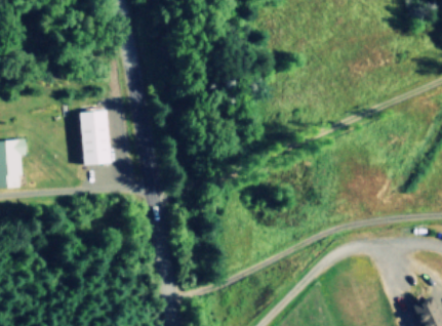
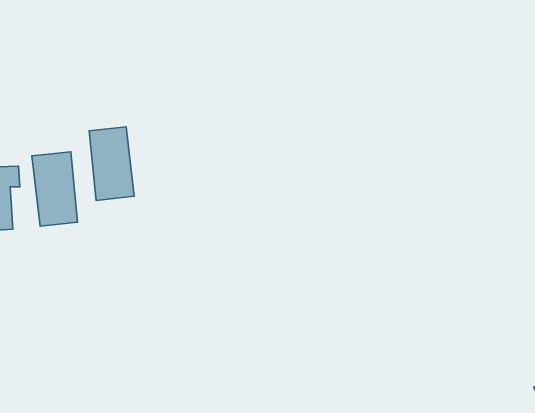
building: none -> [32,152,77,226]

